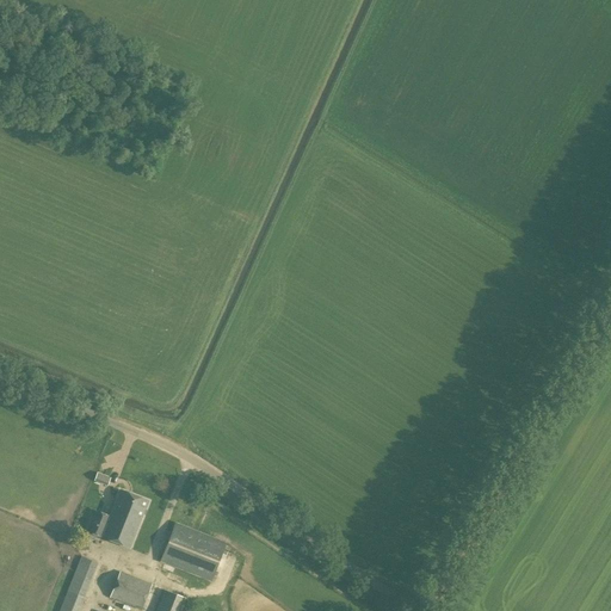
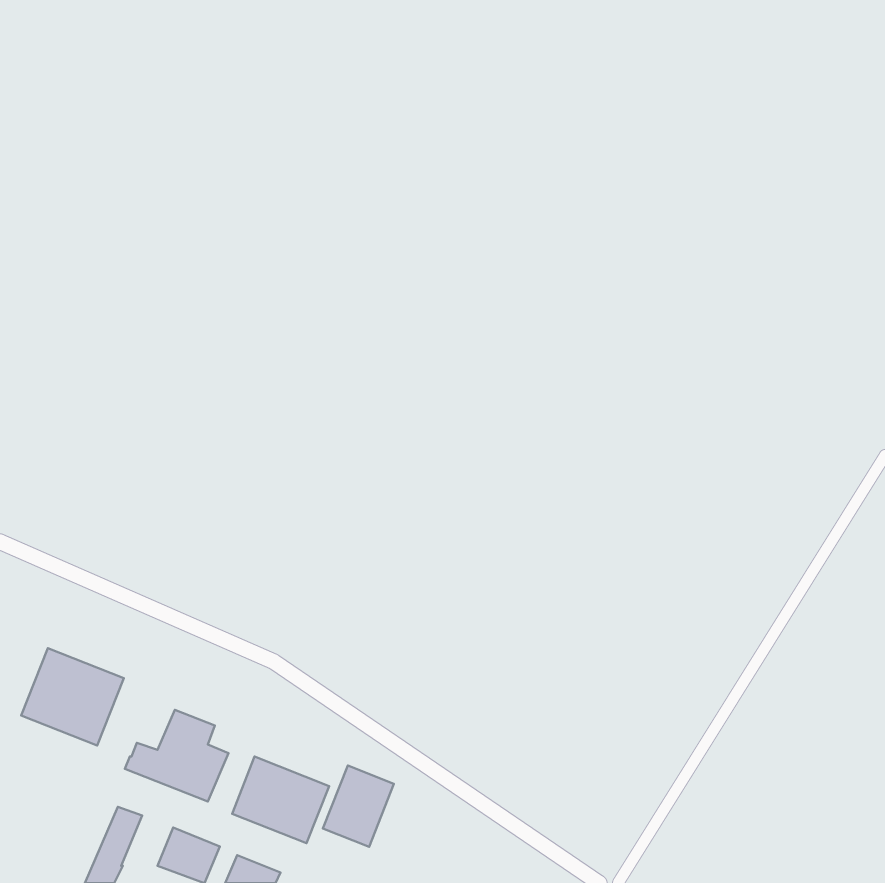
building: none -> [21,648,124,746]
building: none -> [323,765,394,847]

